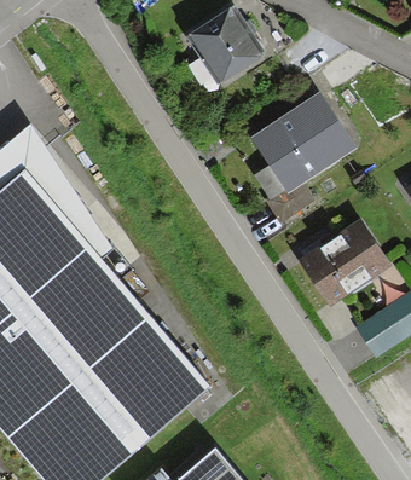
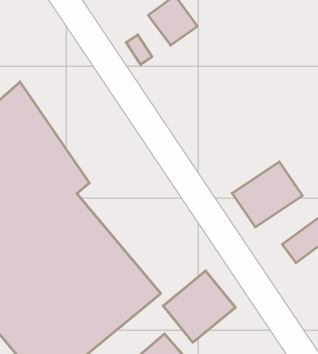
building: [250,102,349,232] -> none
building: none -> [163,271,235,342]

